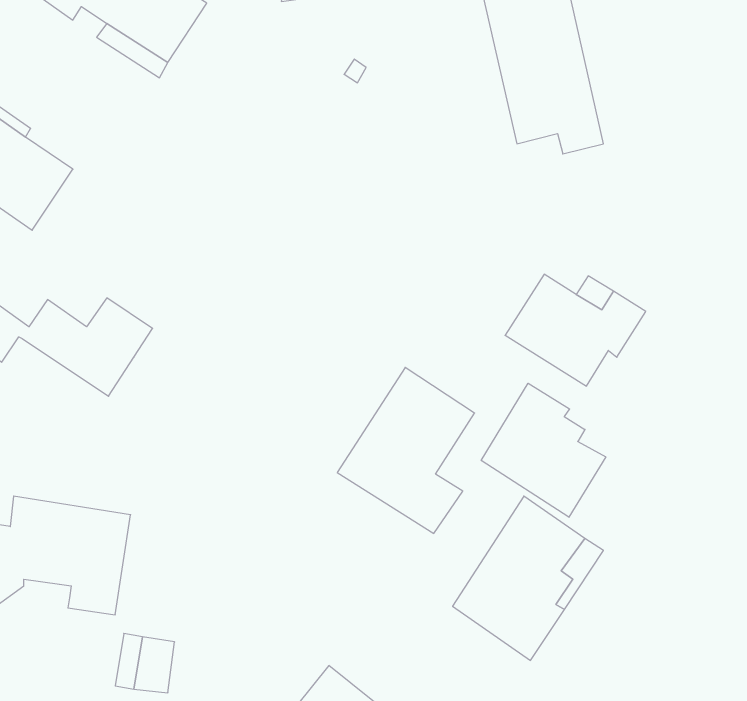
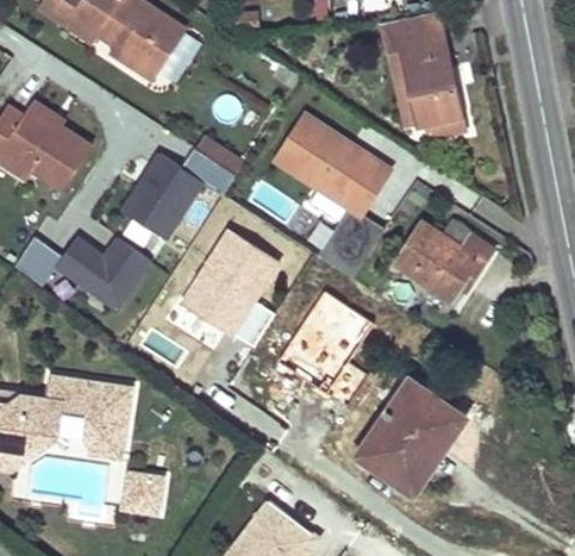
building: none -> [276,117,390,280]
building: none -> [119,148,236,239]
building: none -> [179,226,281,346]
building: [481,383,606,517] -> none

